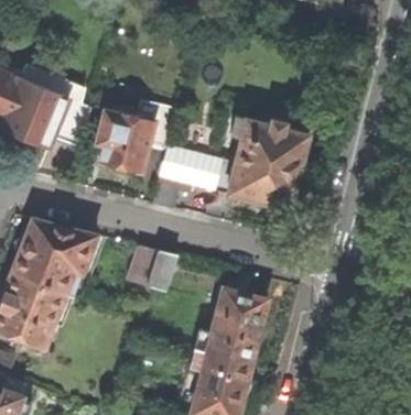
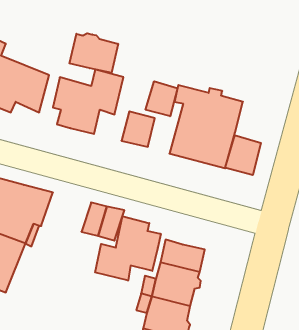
building: none -> [69,33,118,73]
building: none -> [146,81,177,116]
building: none -> [225,135,261,175]
building: none -> [95,216,161,281]

